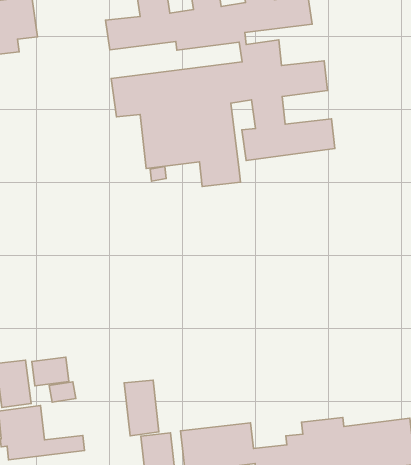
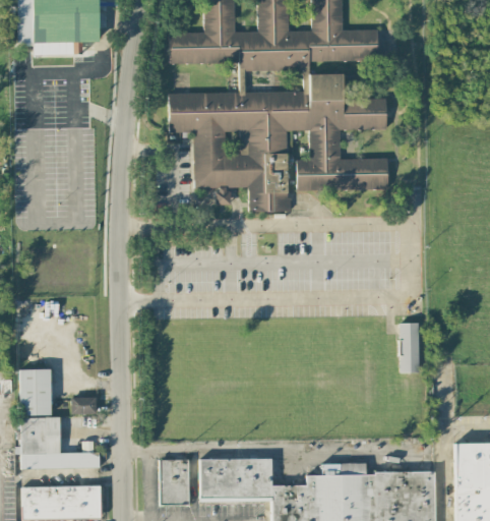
building: none -> [400,324,419,373]
building: [32,357,69,386] -> none
building: [124,380,159,436] -> none

